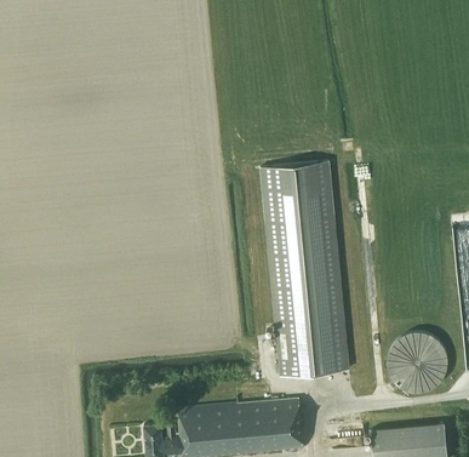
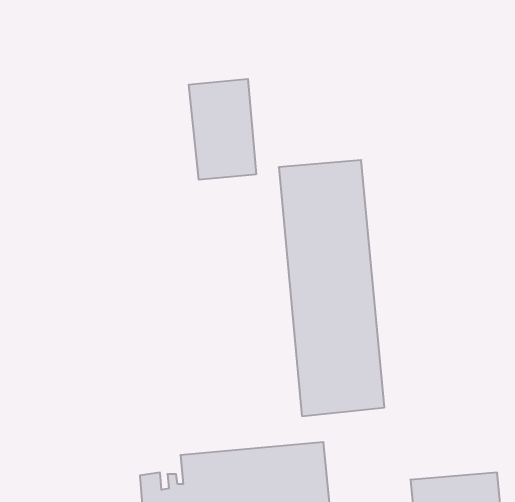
building: none -> [189,79,256,180]
building: [388,331,448,392] -> none

